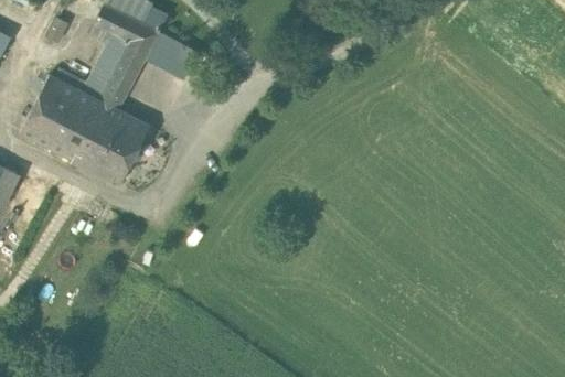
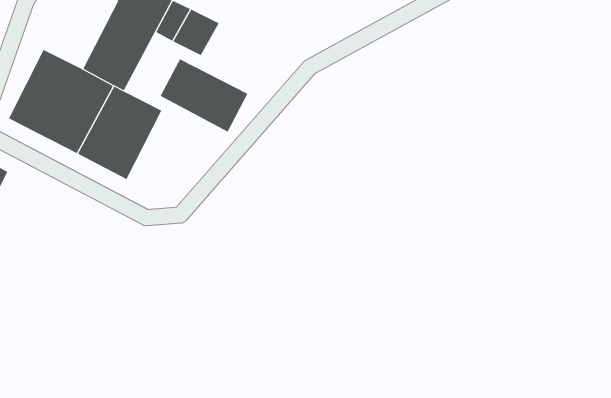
building: none -> [160,59,248,133]

